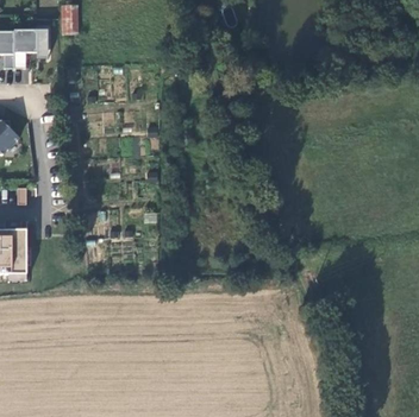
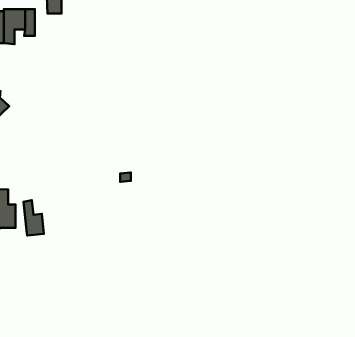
building: none -> [24,200,44,236]

